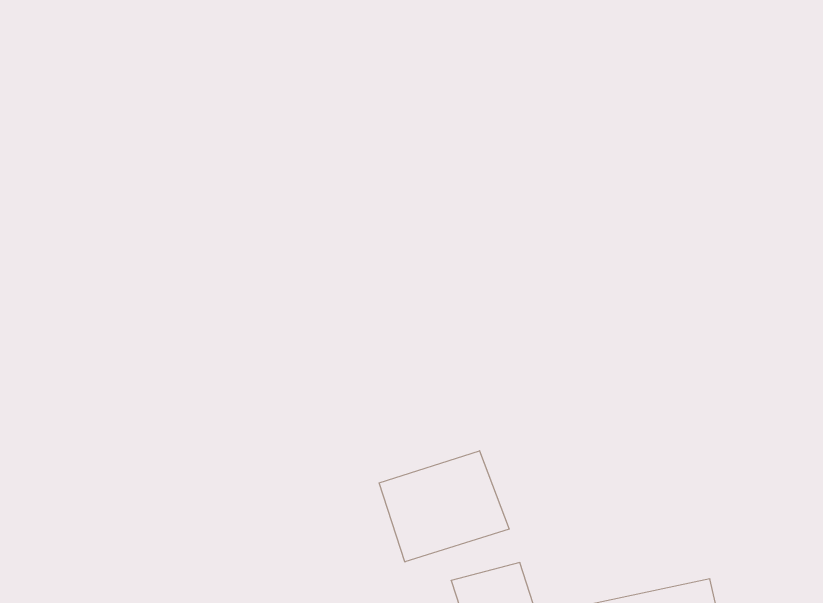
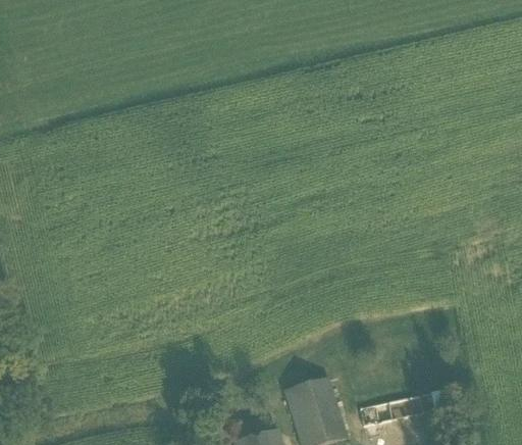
building: [379,451,509,562] -> none

